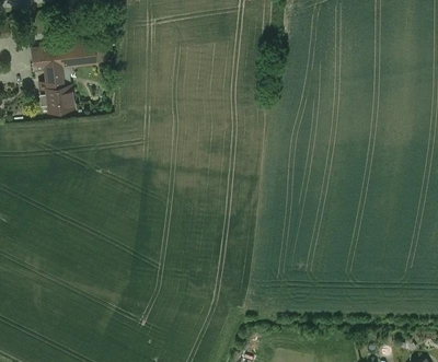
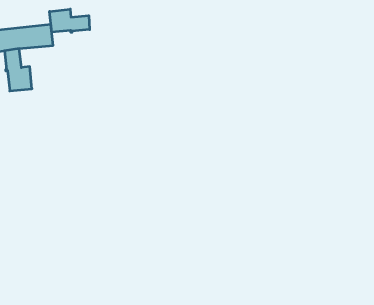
building: none -> [50,9,90,32]

